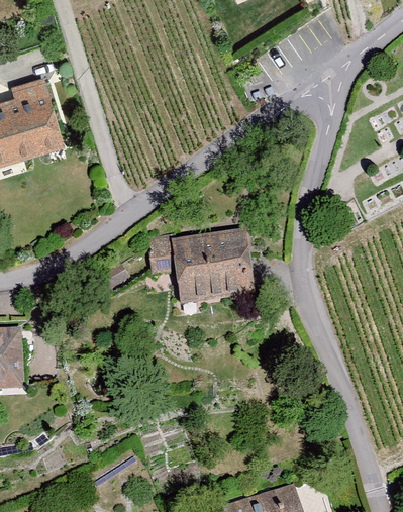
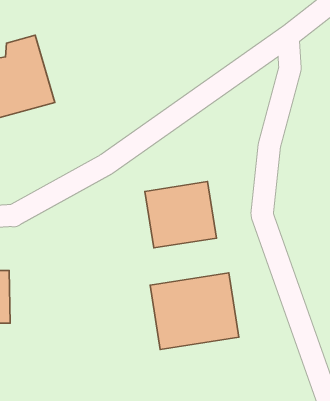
building: none -> [150,273,239,350]

